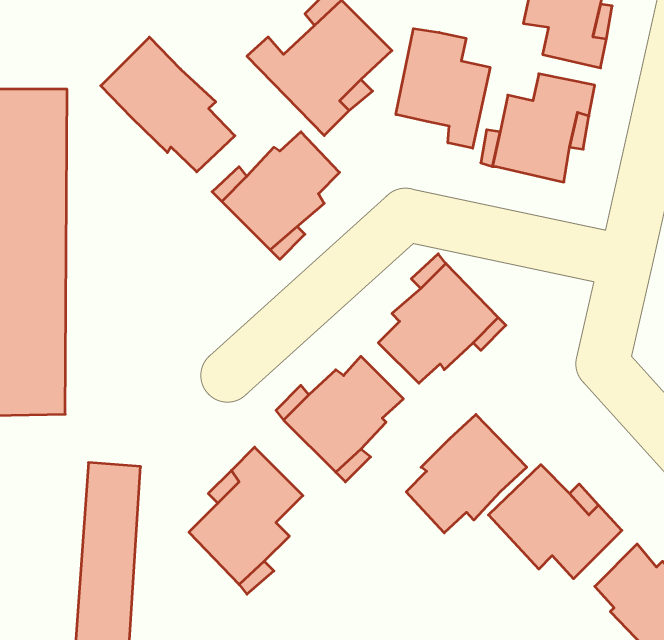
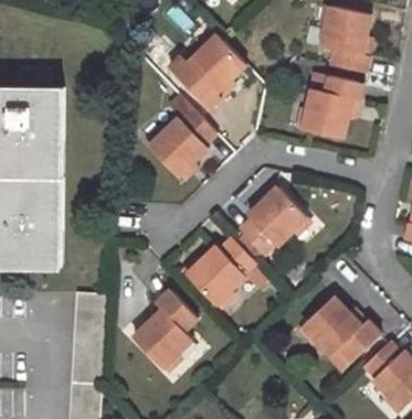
building: [396,29,490,148] -> none
building: [101,37,235,172] -> none
building: [406,414,527,533] -> none

